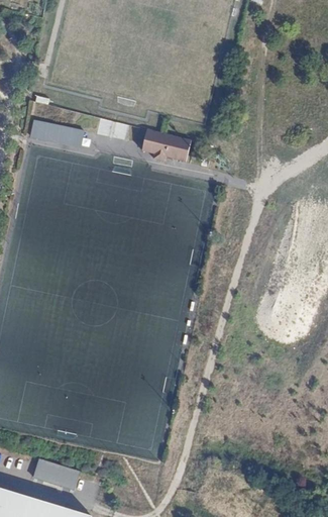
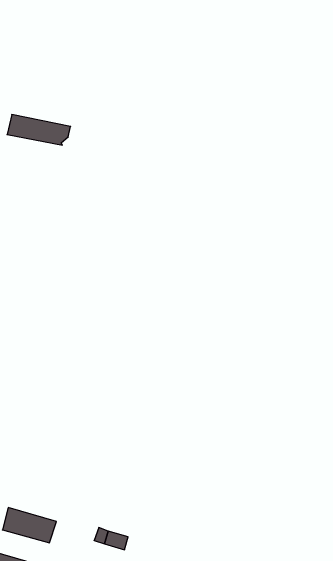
building: [141,132,189,163] -> none

